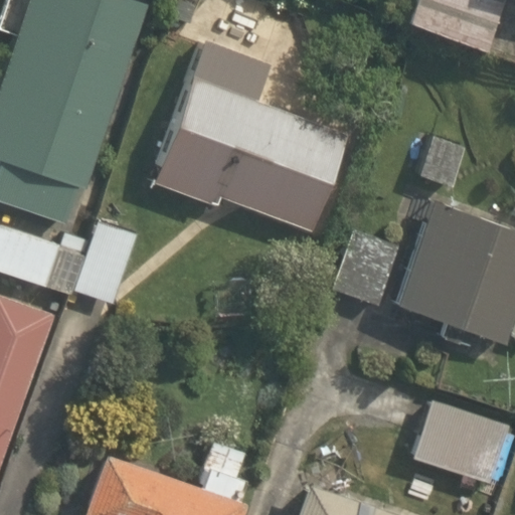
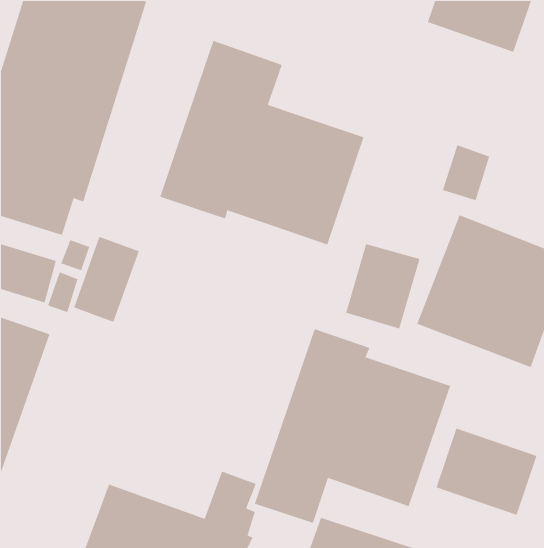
building: none -> [254,328,451,524]

